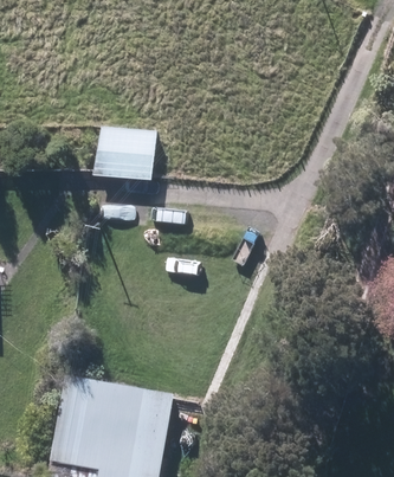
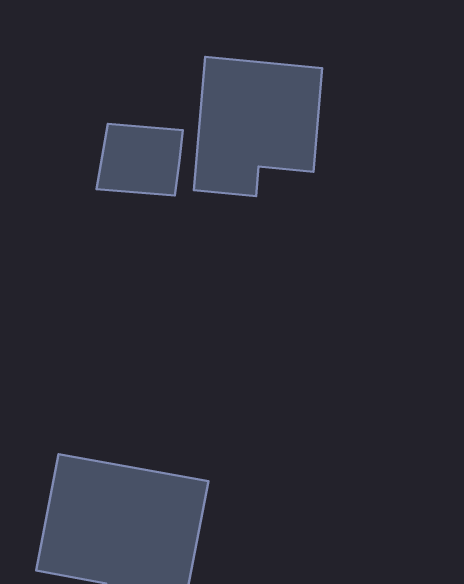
building: none -> [194,57,322,196]

